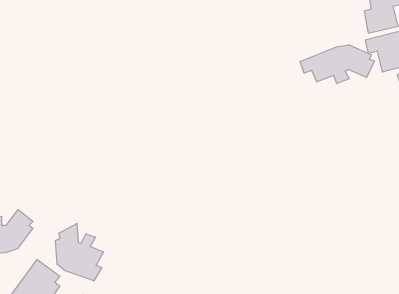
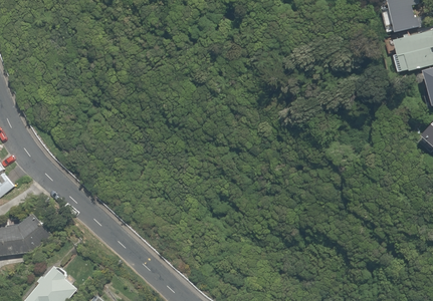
building: [300,45,375,84] -> none
building: [55,223,103,281] -> none

